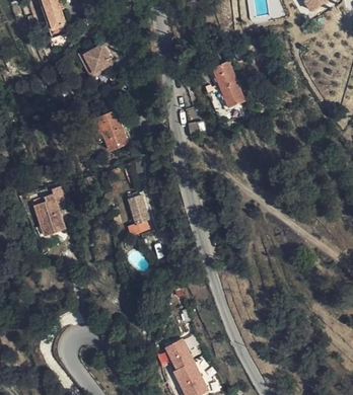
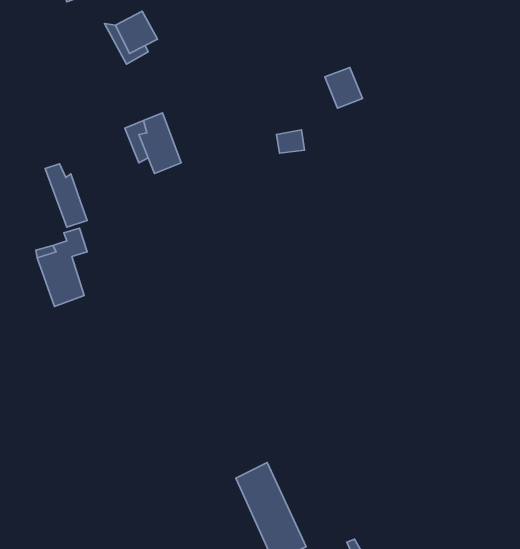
building: [212,62,236,88] -> none
building: none -> [45,164,87,227]
building: [127,192,149,236] -> none

